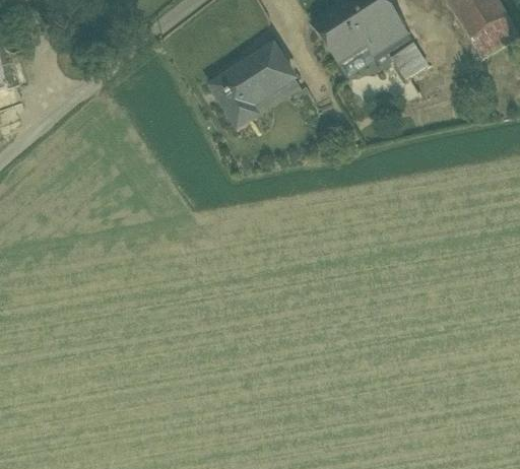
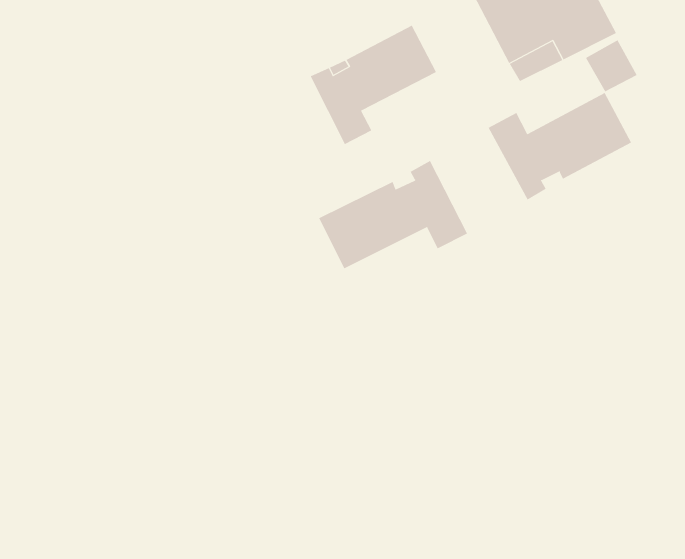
building: none -> [488,92,632,201]
building: none -> [319,160,468,269]

